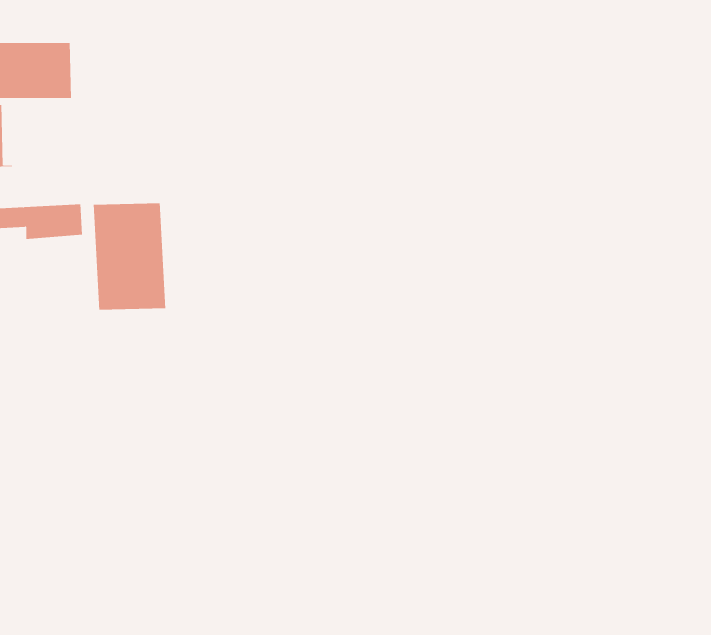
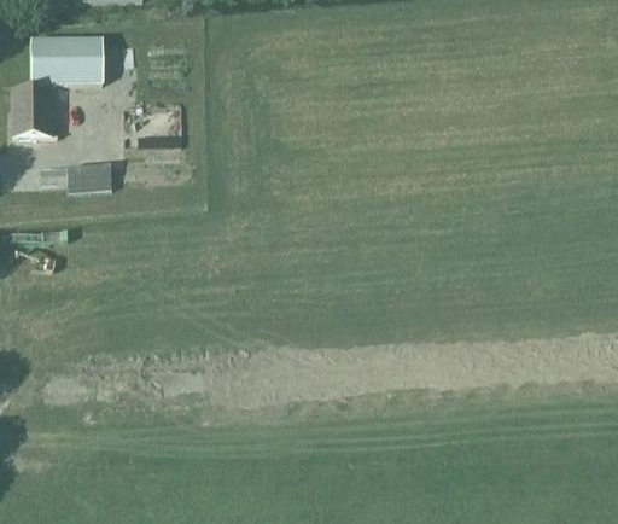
building: [93,202,166,310] -> none

